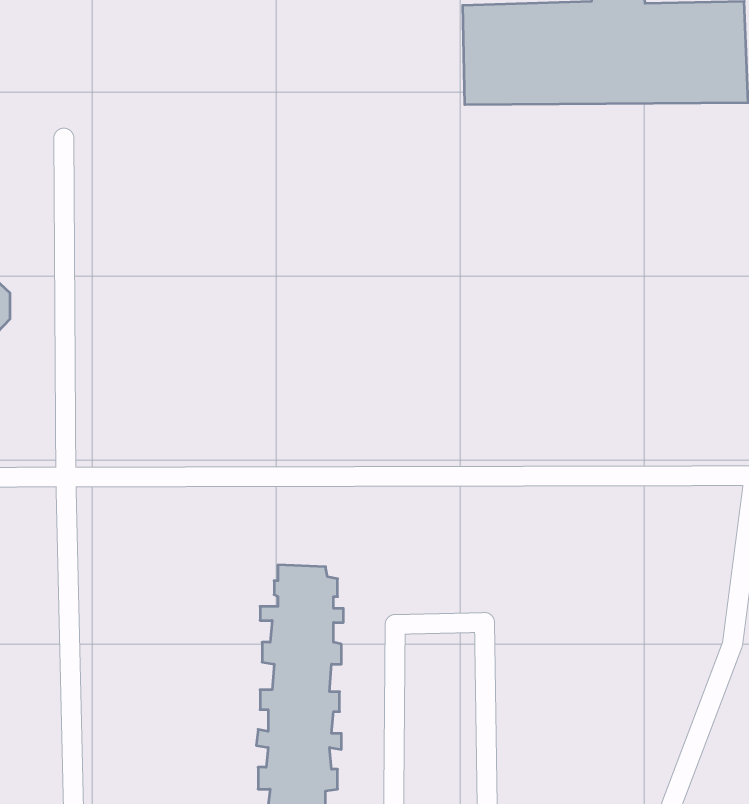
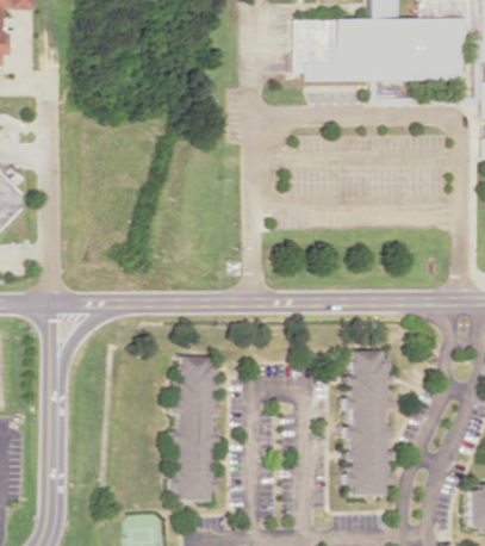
building: none -> [344,349,394,494]

